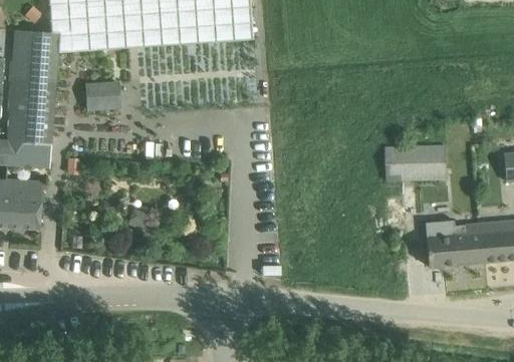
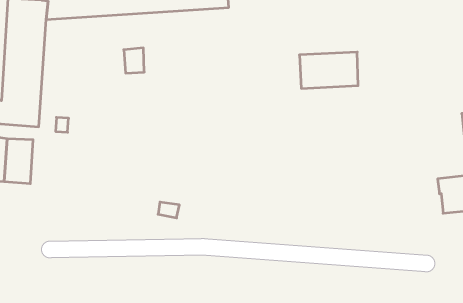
building: [96,81,118,108] -> [124,48,144,73]
building: [382,142,446,182] -> [299,52,358,88]
building: [424,220,483,266] -> none

